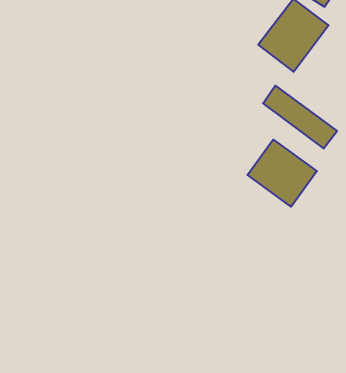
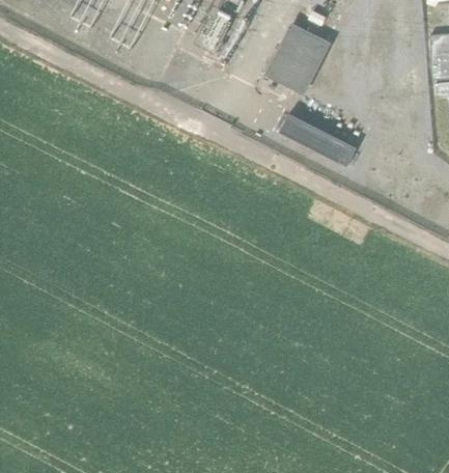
building: [247,140,317,207] -> none

